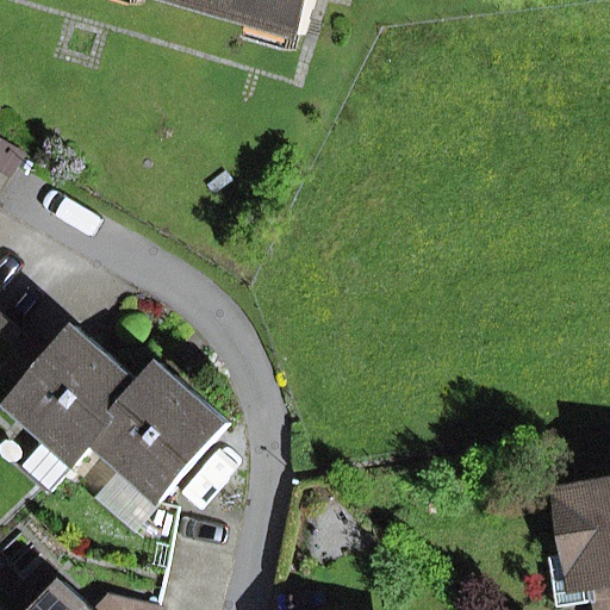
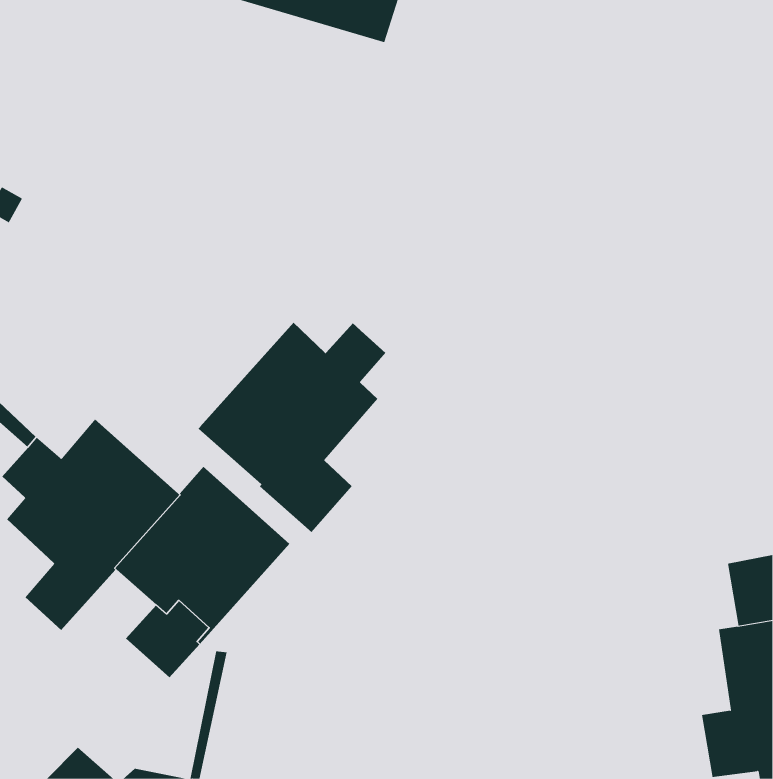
building: none -> [198,322,386,533]

